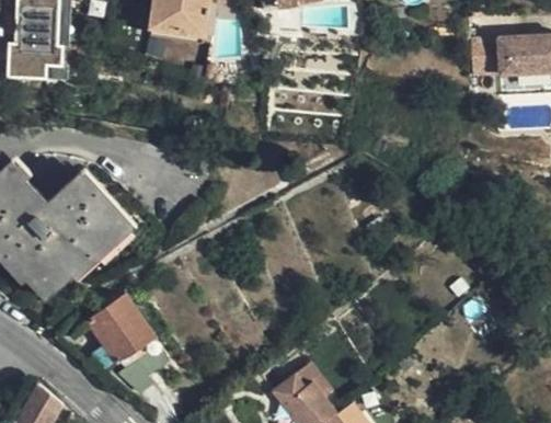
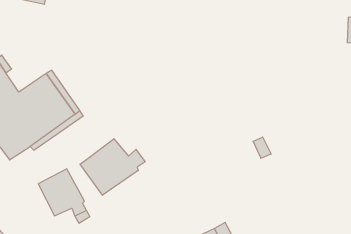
building: none -> [80,139,145,195]

